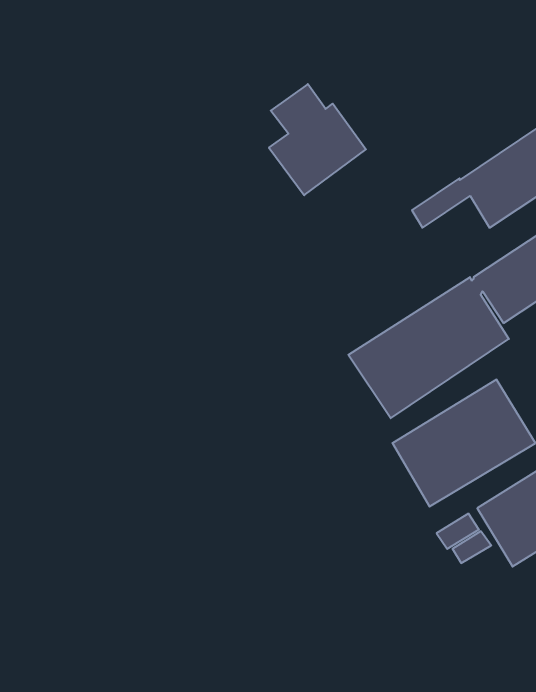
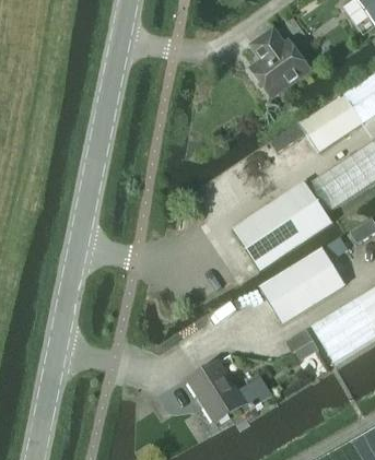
building: [269,84,366,195] -> [250,30,310,98]
building: none -> [188,361,272,422]

